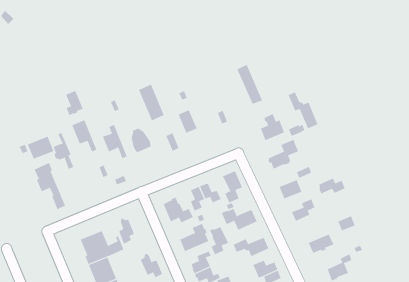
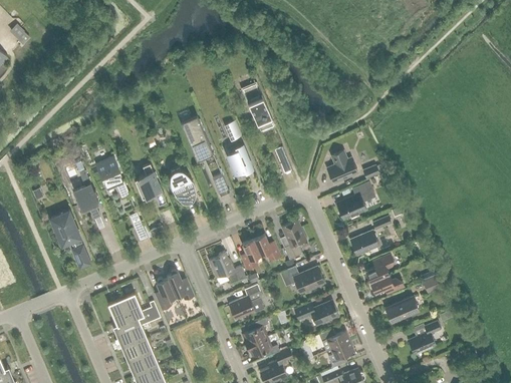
building: [236,64,263,105] -> [242,83,274,132]
building: [66,90,83,116] -> none
building: [288,91,318,129] -> none
building: [27,136,54,160] -> none
building: [318,178,346,194] -> [370,274,404,294]
building: [209,226,229,255] -> none
building: [140,253,163,278] -> [167,270,194,300]

